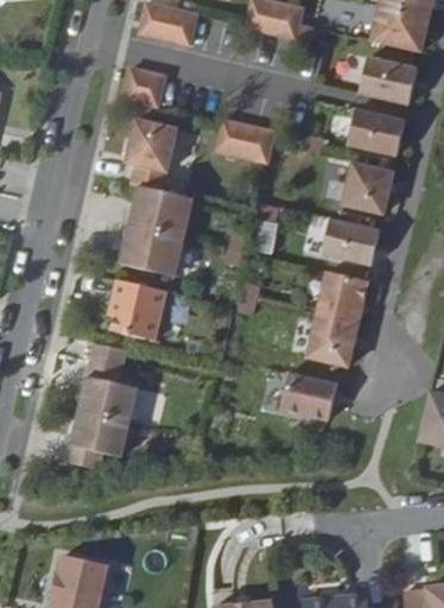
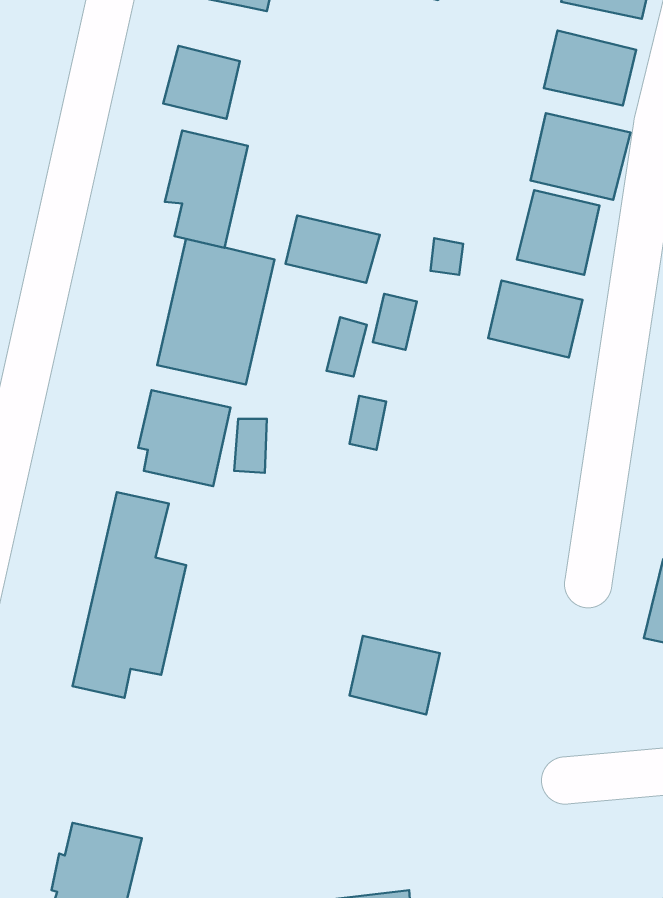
building: [214,124,272,165] -> [285,216,380,283]
building: [307,267,368,362] -> none
building: [281,367,337,416] -> [349,636,440,715]

